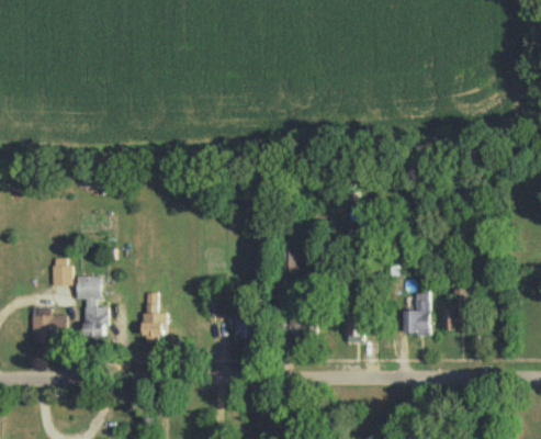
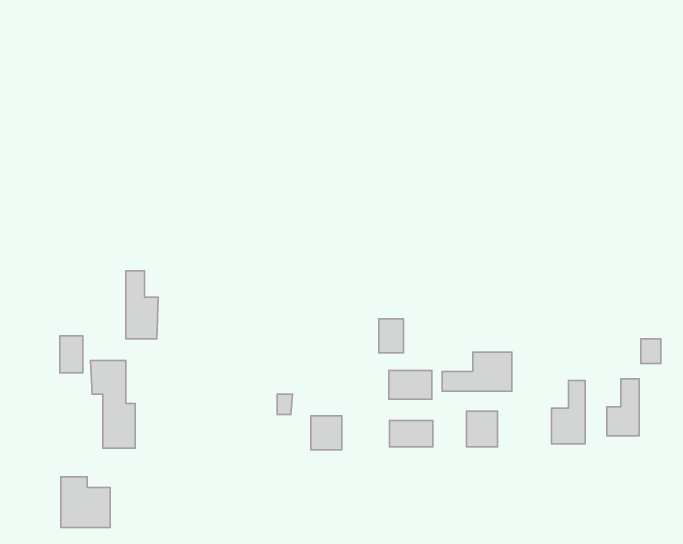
building: none -> [442,352,512,391]
building: none -> [389,371,432,399]
building: [143,292,166,340] -> [126,271,158,339]
building: [31,305,66,341] -> [61,477,110,528]

